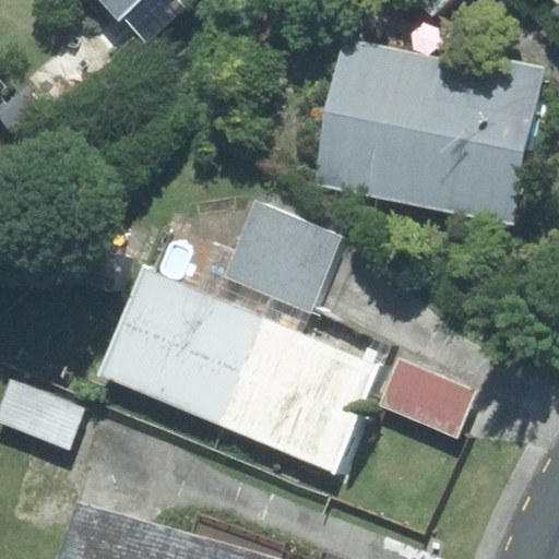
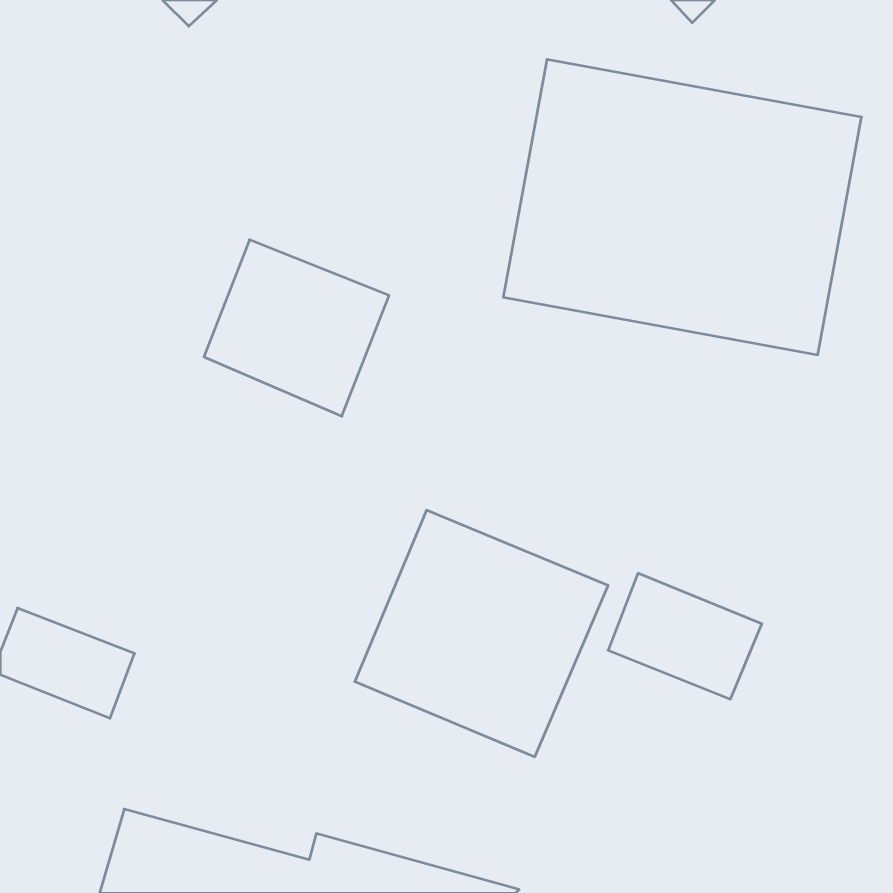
building: [226,202,342,312] -> [204,240,389,416]
building: [98,269,266,426] -> none

